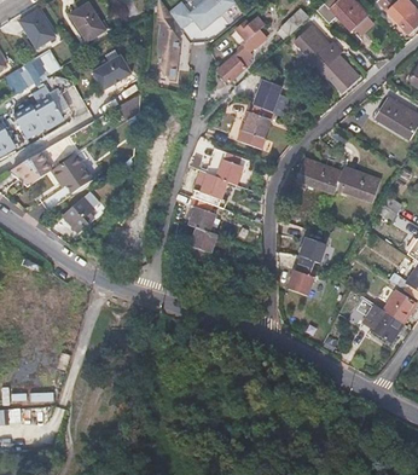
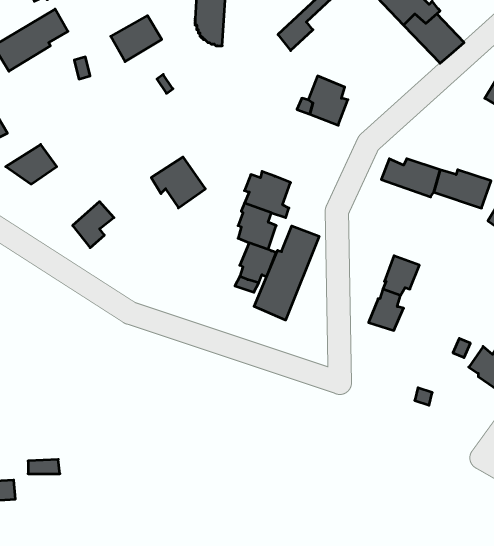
building: [248,79,283,110] -> none
building: [12,98,62,134] -> none
building: [57,150,98,189] -> [151,157,205,208]
building: [215,153,243,186] -> none
building: none -> [254,226,319,320]

